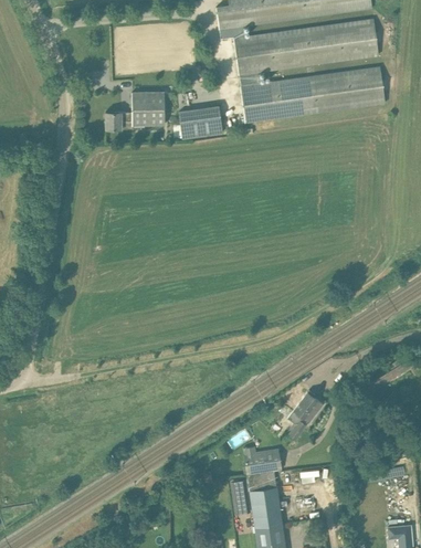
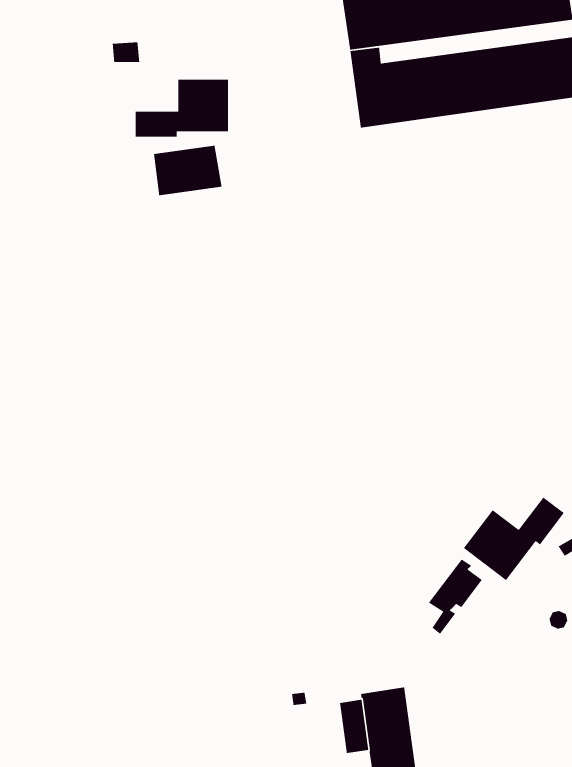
building: [180,106,223,138] -> [153,145,222,196]
building: none -> [463,497,565,581]
building: [243,447,283,474] -> none

